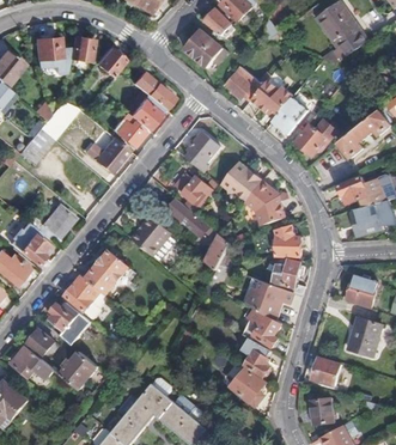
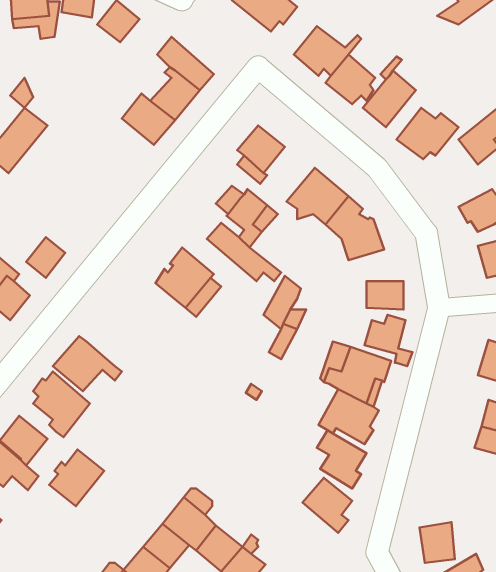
building: [95,136,128,171] -> none
building: [85,250,127,294] -> none
building: [312,358,341,385] -> none

